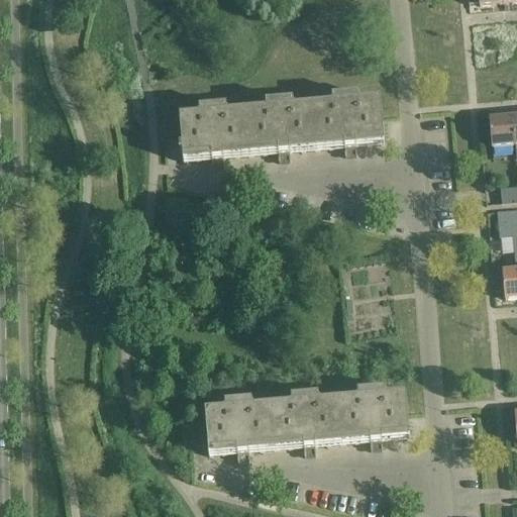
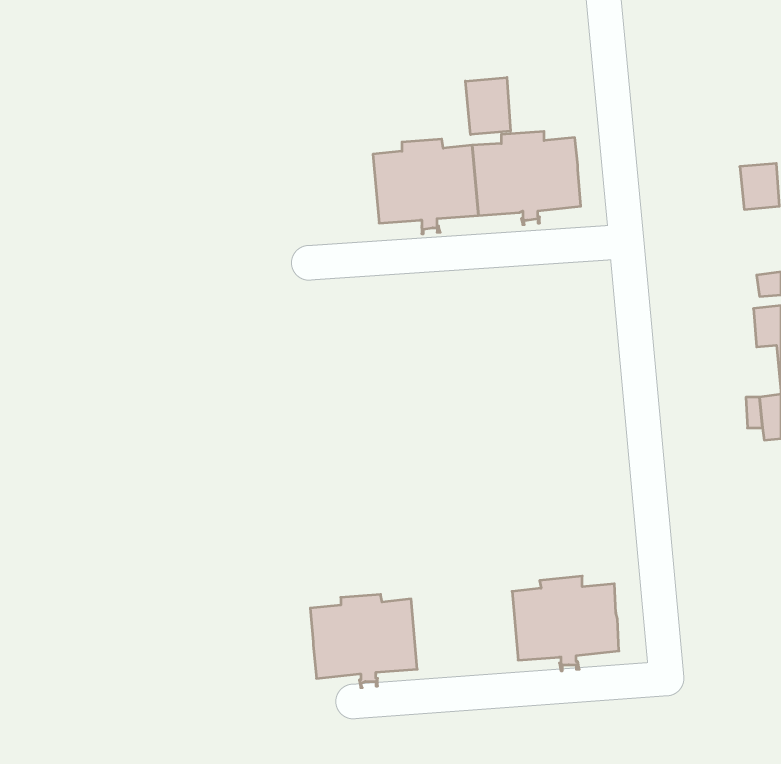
building: none -> [465,77,510,135]
building: [179,98,250,161] -> none
building: [272,387,342,448] -> none

